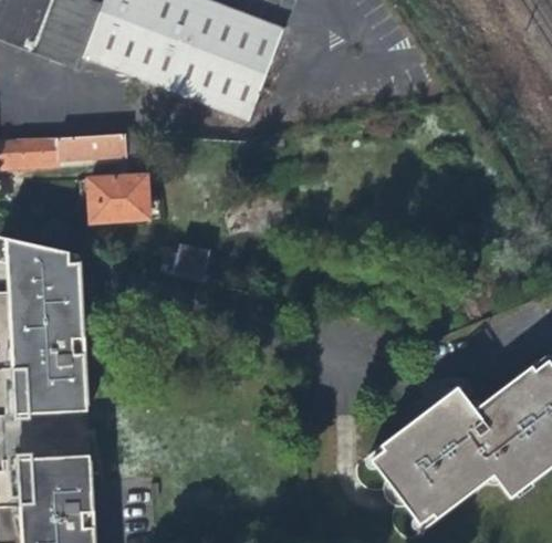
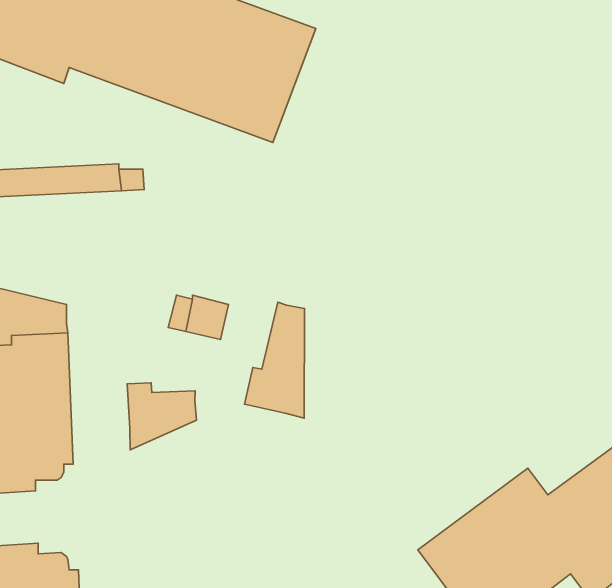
building: [88,177,148,222] -> none
building: none -> [244,302,304,418]
building: none -> [127,383,196,450]

